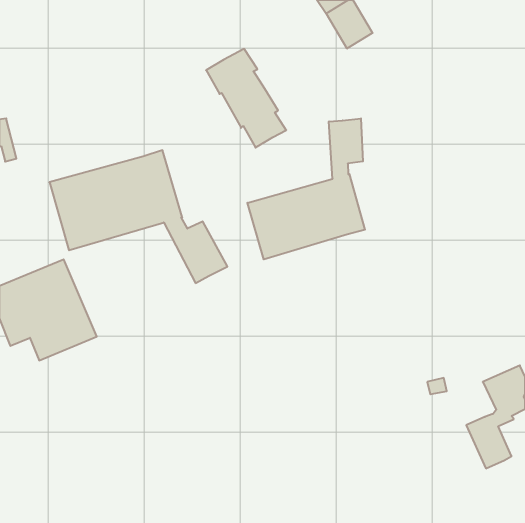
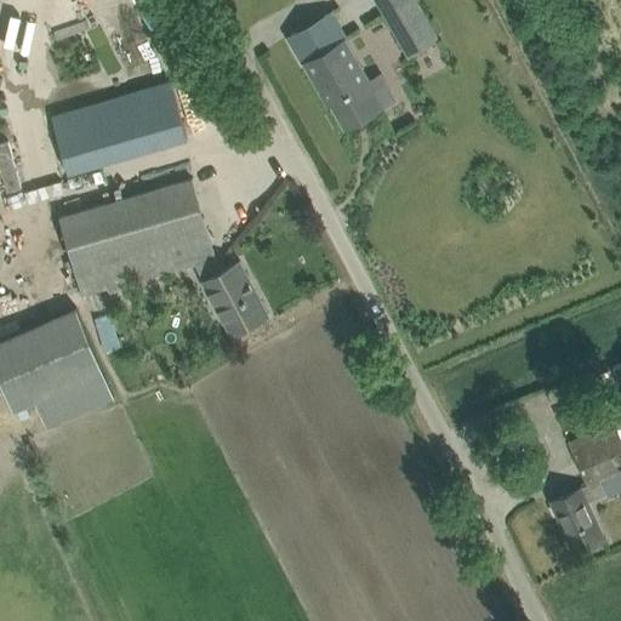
building: [206,49,286,148] -> [286,15,381,131]
building: none -> [51,82,187,173]
building: [247,118,365,259] -> none

